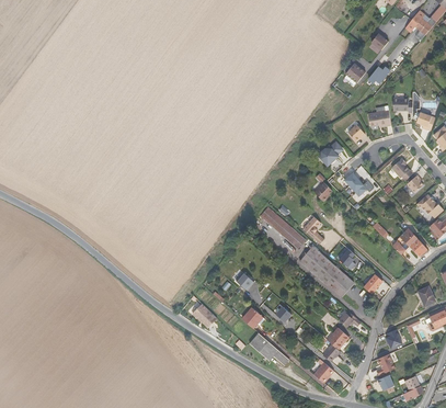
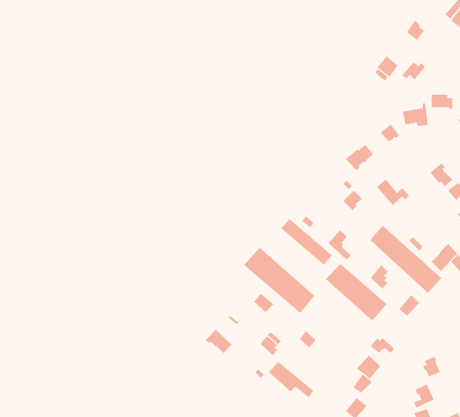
building: none -> [369,225,442,293]
building: none -> [243,247,315,314]

